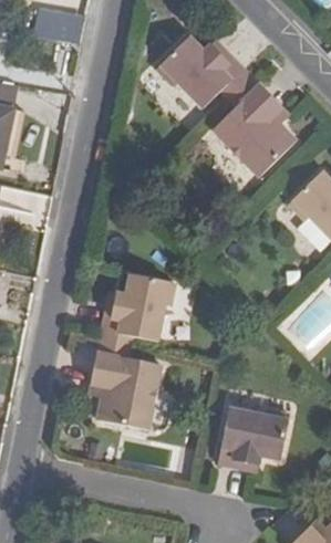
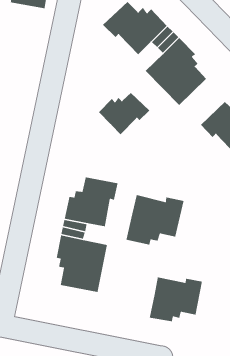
building: none -> [98,92,150,135]
building: none -> [126,194,185,245]

